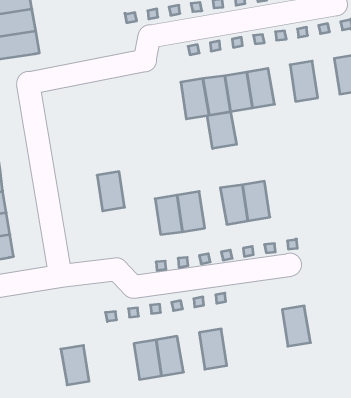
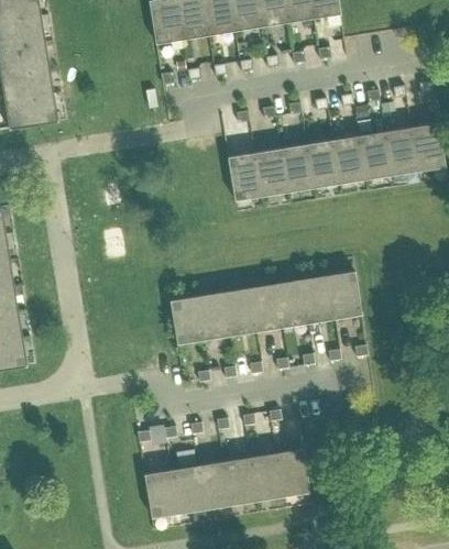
building: none -> [385,128,418,175]
building: none -> [332,135,365,183]
building: [207,112,237,149] -> none
building: [97,172,125,211] -> [171,296,204,343]
building: none -> [328,271,361,318]
building: none -> [250,283,283,331]
building: [282,306,311,346] -> [276,448,310,496]
building: none -> [223,457,256,504]
building: [61,345,89,385] -> [144,470,178,517]

